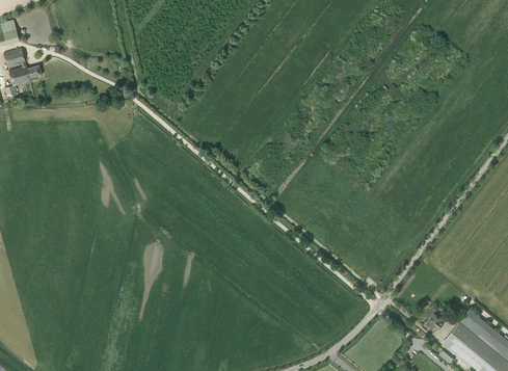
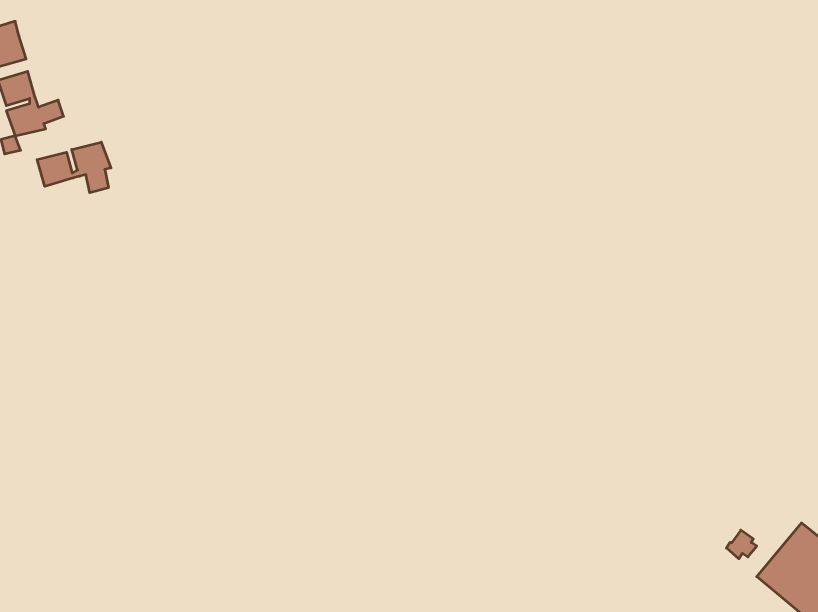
building: none -> [37,142,111,193]

